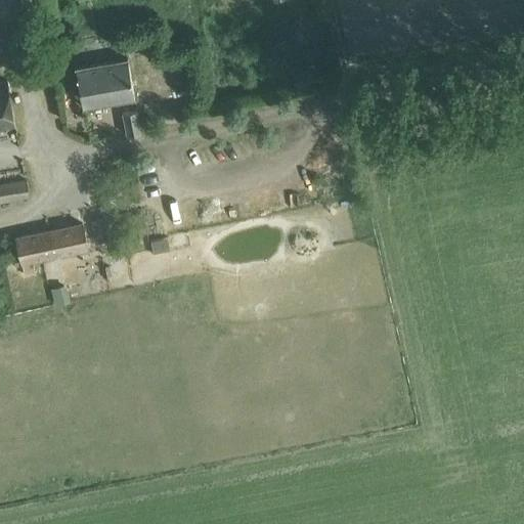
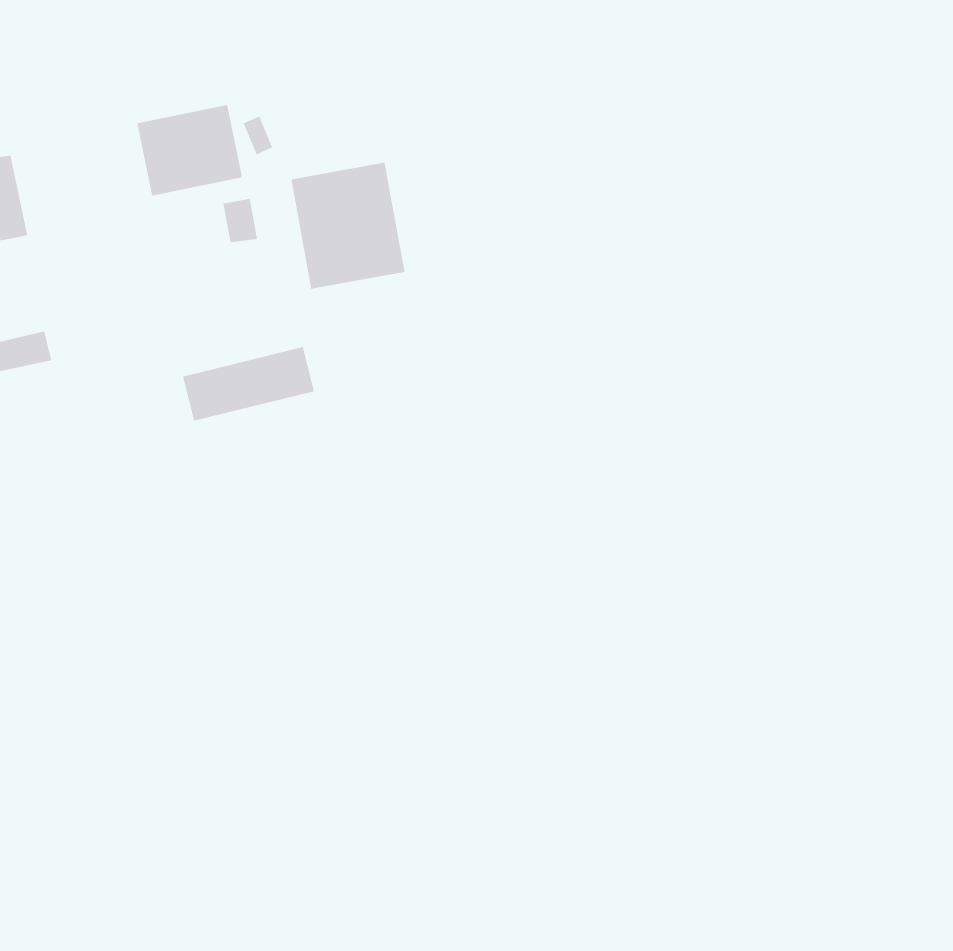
building: none -> [291,162,405,289]
building: [14,225,87,266] -> [182,347,315,421]

